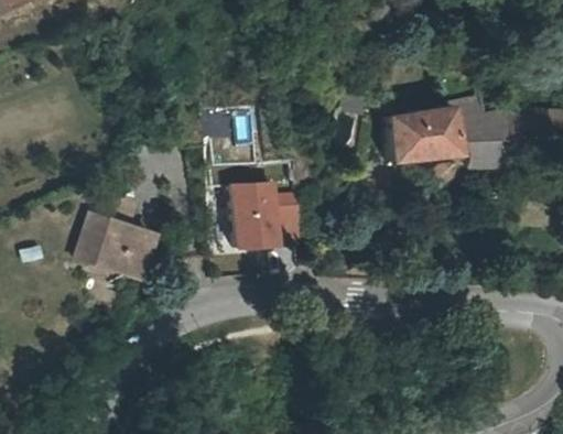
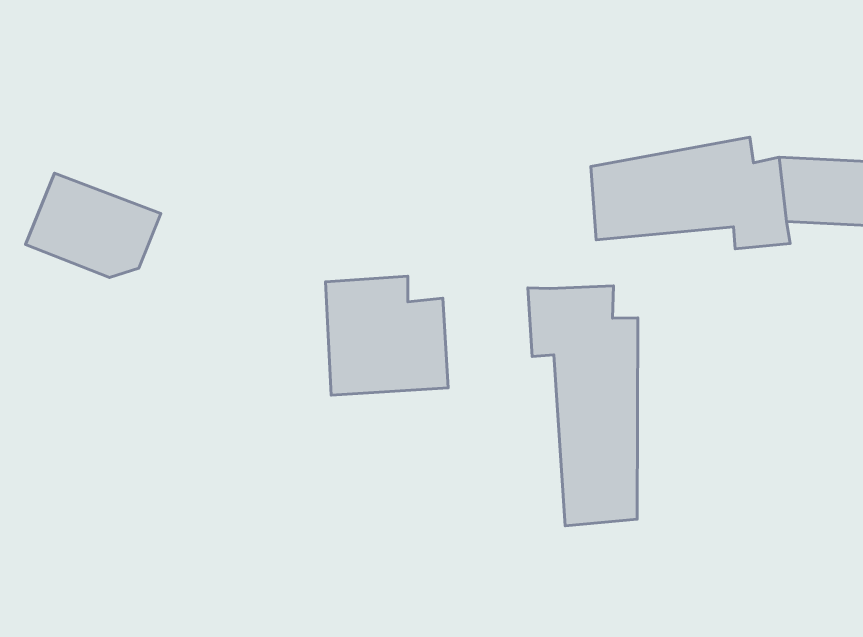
building: none -> [528,286,638,526]
building: [74,208,155,271] -> [25,173,161,277]

